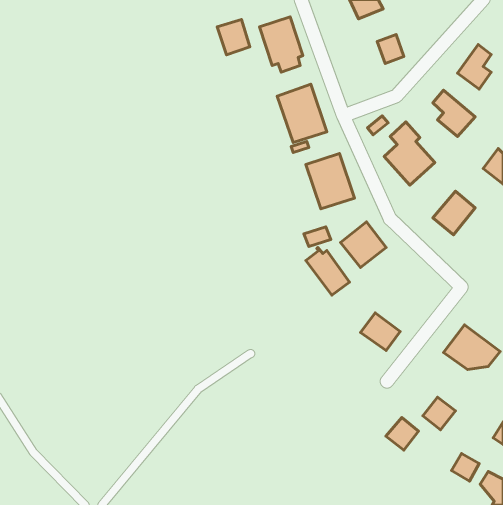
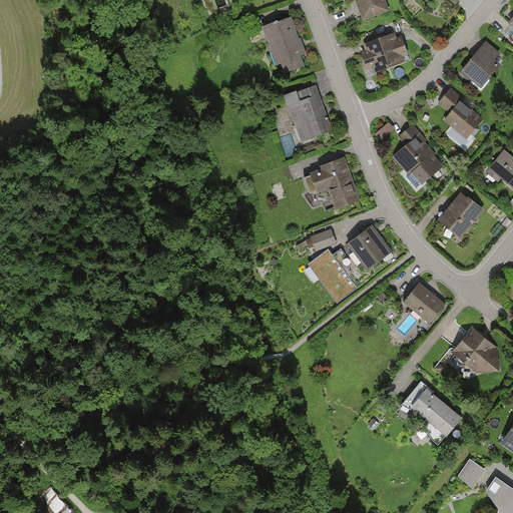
building: [217,19,250,55] -> none
building: none -> [363,42,390,71]
building: [360,313,400,350] -> [404,284,444,322]
building: [386,417,419,450] -> [410,388,443,421]

